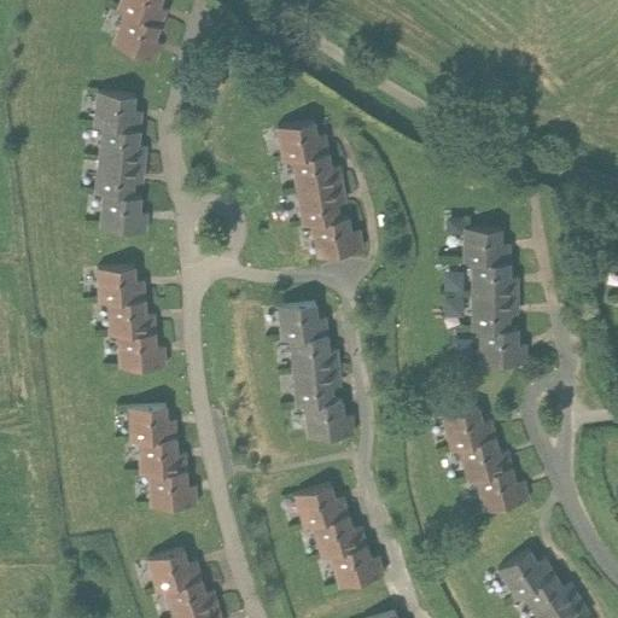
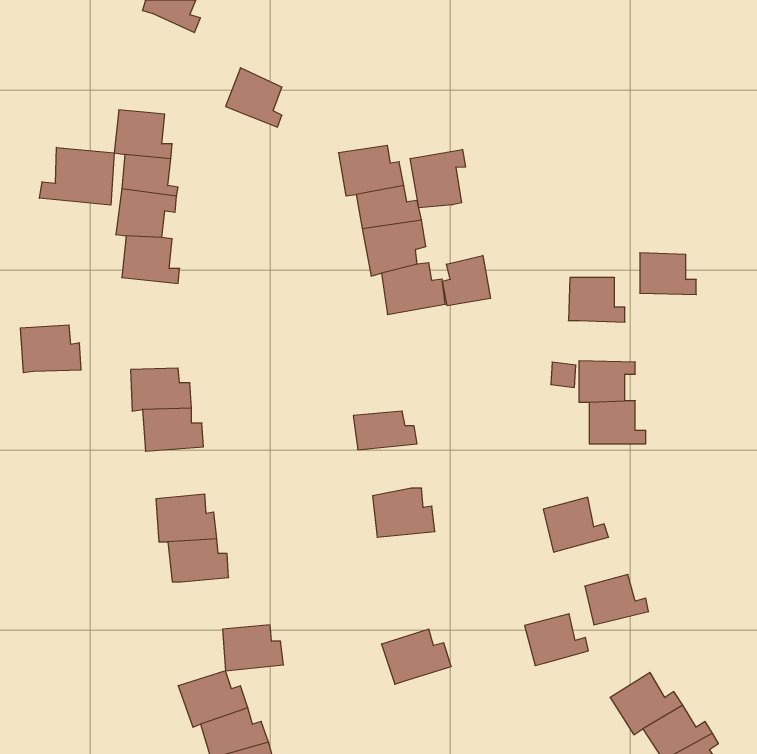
building: [113,14,159,63] -> [226,68,282,127]
building: none -> [39,147,114,205]
building: none -> [410,149,465,208]
building: none -> [443,255,490,306]
building: [472,264,518,298] -> [640,253,696,295]
building: [97,267,146,305] -> [20,325,81,373]
building: [278,303,328,343] -> none
building: [292,365,343,408] -> none
building: [460,441,512,483] -> [525,614,588,666]
building: [148,473,198,511] -> [223,625,284,671]
building: [293,484,350,530] -> none
building: [330,546,385,590] -> none

